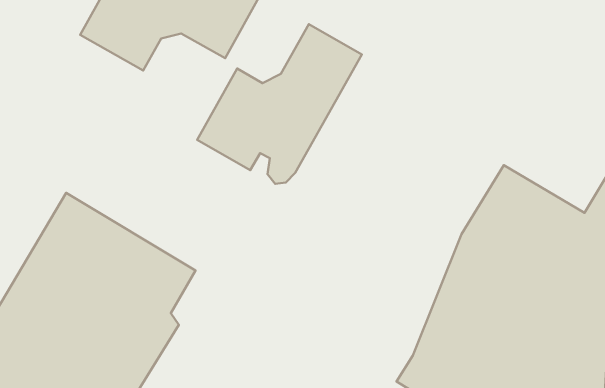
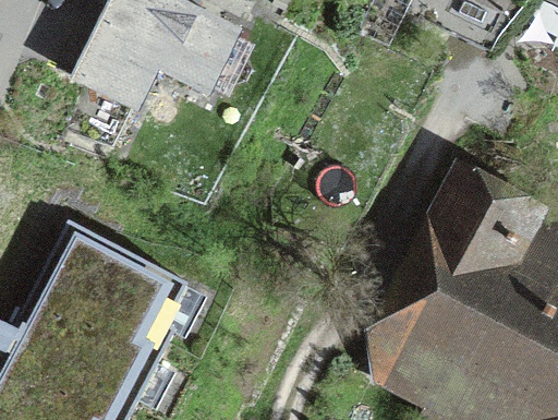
building: [197,24,362,184] -> none

